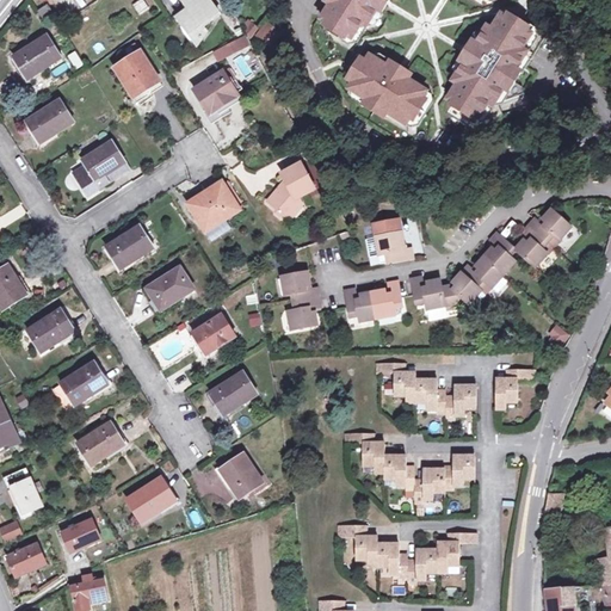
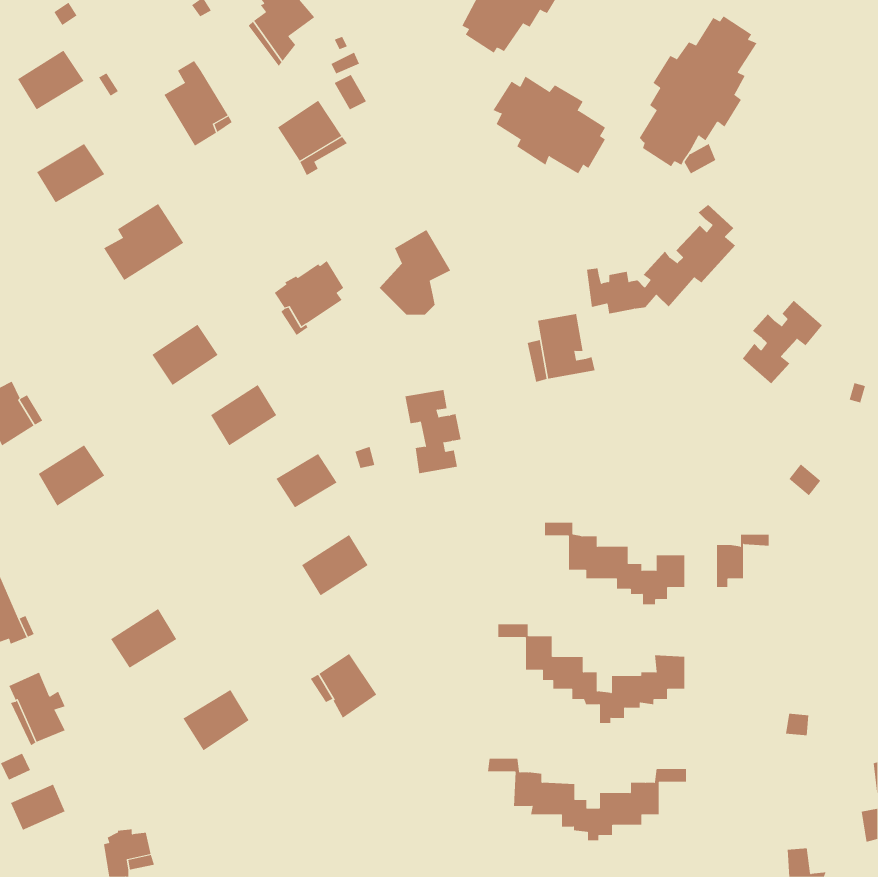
building: [412,232,516,308] -> [586,204,736,314]
building: [344,279,401,320] -> none
building: [60,360,106,403] -> none
building: [60,518,99,551] -> none

